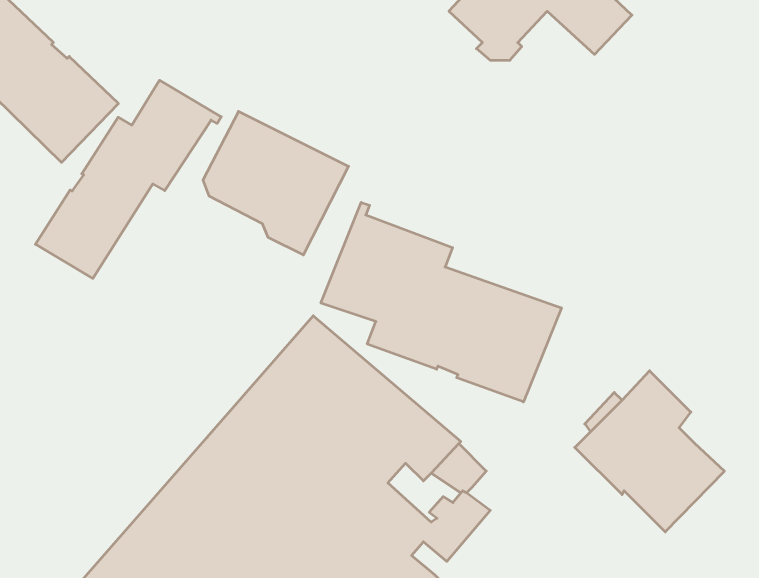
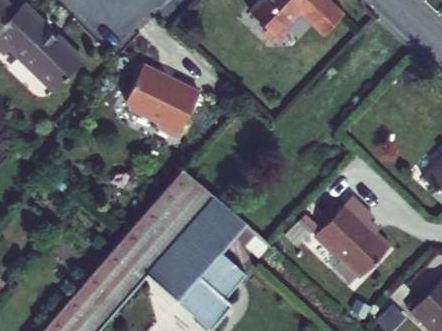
building: [35,80,221,278] -> none
building: [321,202,561,402] -> none

